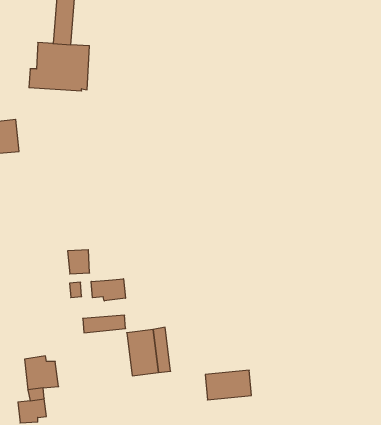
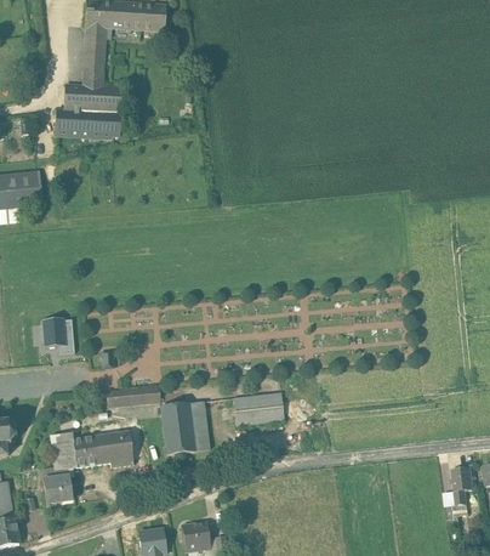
building: [68,250,90,274] -> [41,318,65,345]
building: [91,279,125,301] -> none
building: none -> [82,431,132,466]
building: [205,370,251,400] -> [233,392,284,425]

